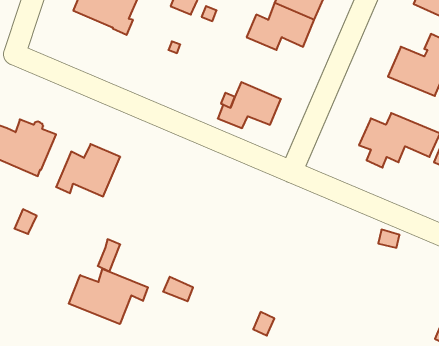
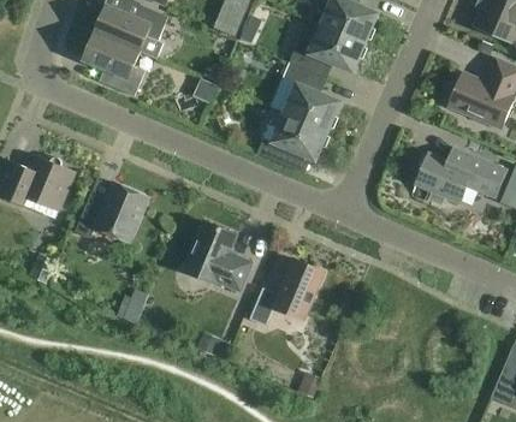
building: none -> [82,31,143,95]
building: none -> [281,63,340,131]
building: none -> [182,220,251,291]
building: none -> [248,258,322,326]
building: [69,269,148,324] -> none

